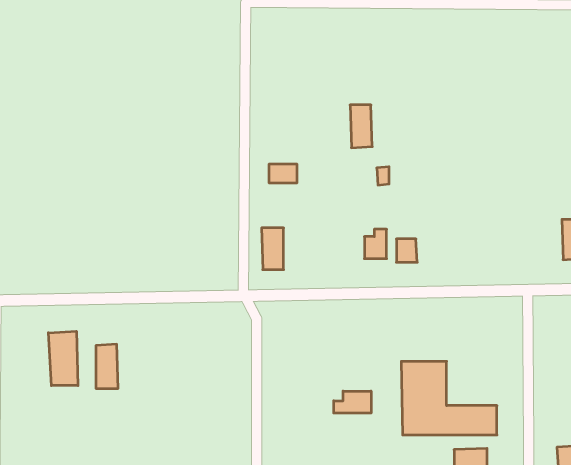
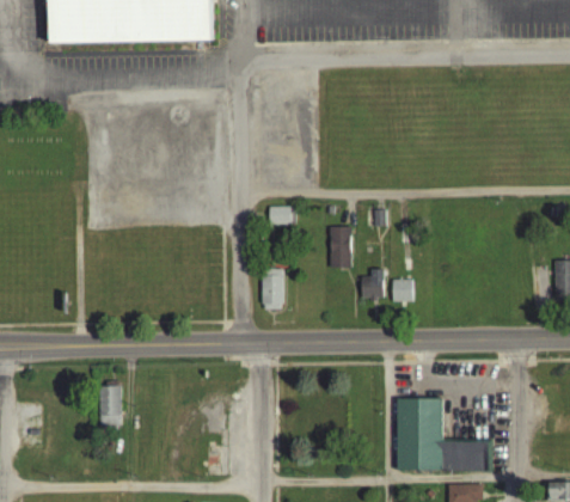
building: [350,105,372,148] -> [329,227,350,269]
building: [48,331,78,386] -> none
building: [334,391,371,413] -> none

